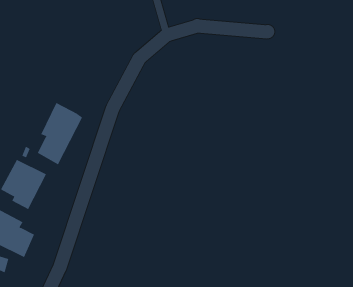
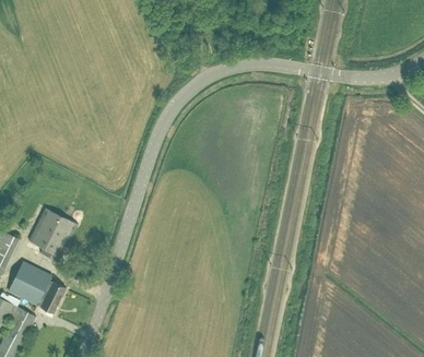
building: [37,102,83,165] -> none

